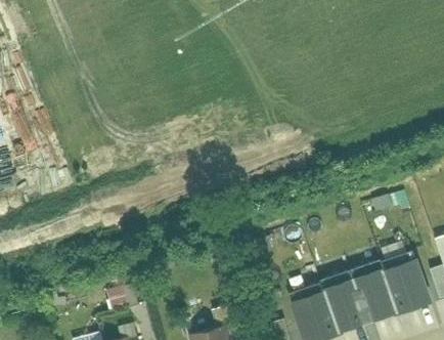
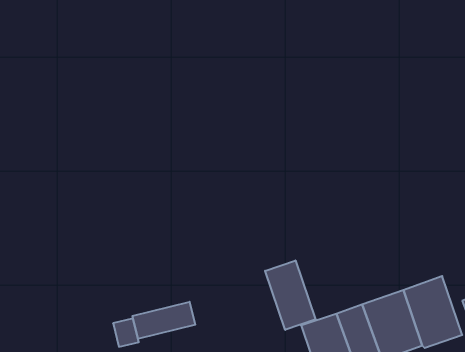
building: none -> [265,260,316,330]
building: none -> [132,302,195,339]

